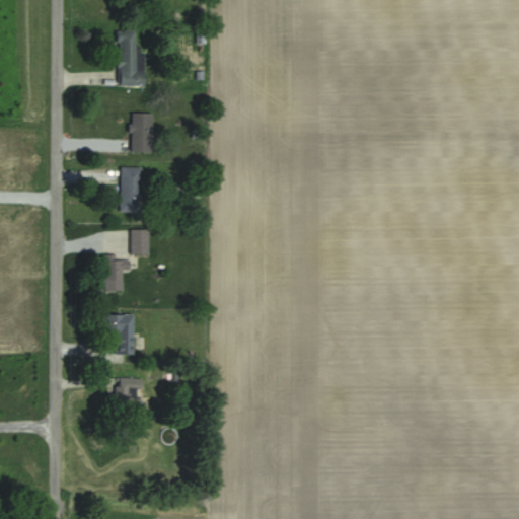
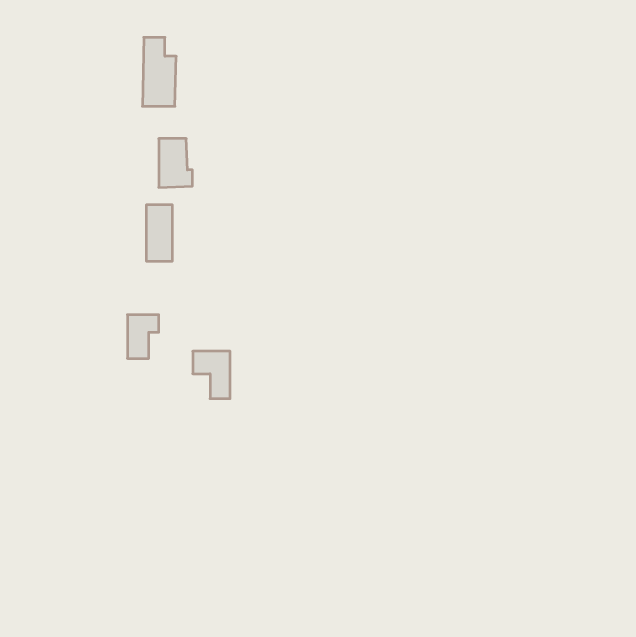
building: [132,230,149,255] -> none
building: [103,315,134,354] -> [193,351,230,399]
building: [118,378,142,411] -> none

